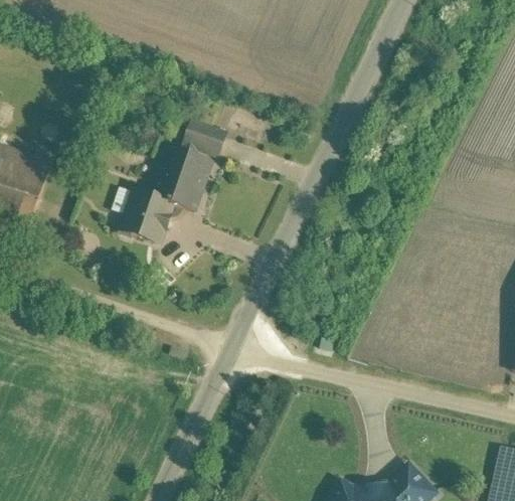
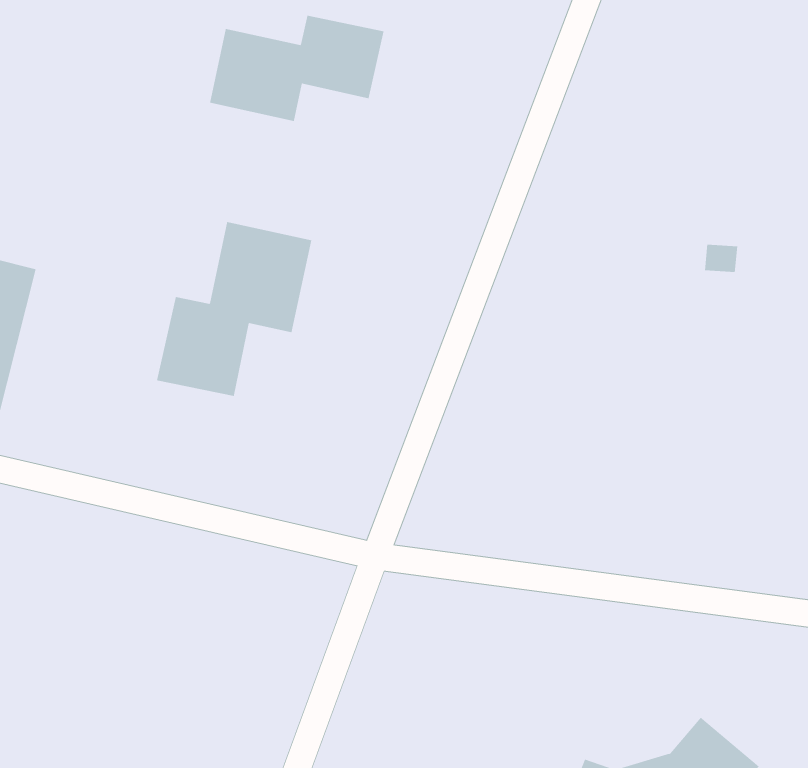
building: none -> [210,15,384,122]
building: [180,122,226,163] -> none

